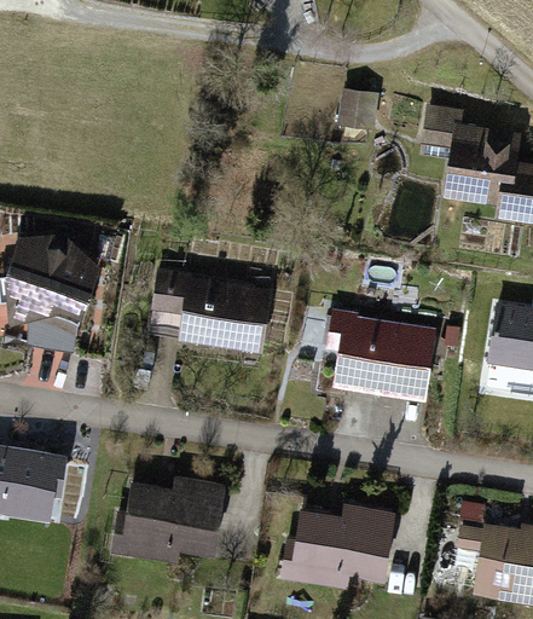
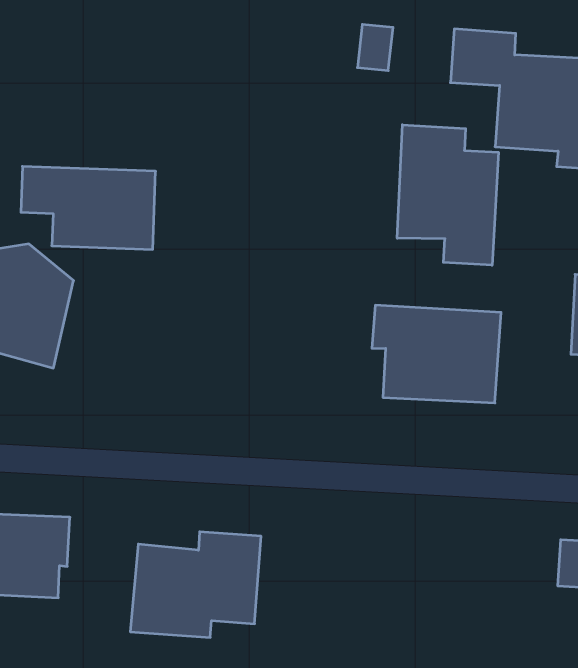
building: none -> [397,125,498,265]
building: [156,274,266,351] -> [21,166,156,249]
building: [284,505,395,590] -> none

